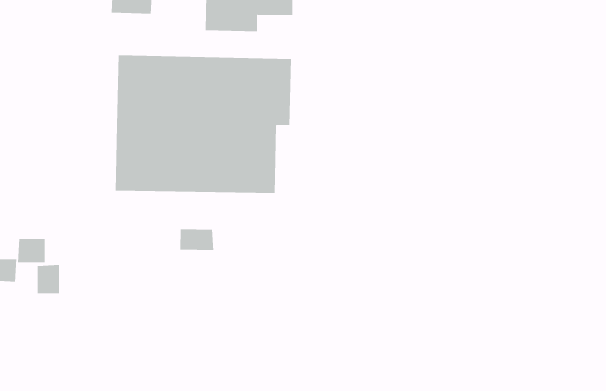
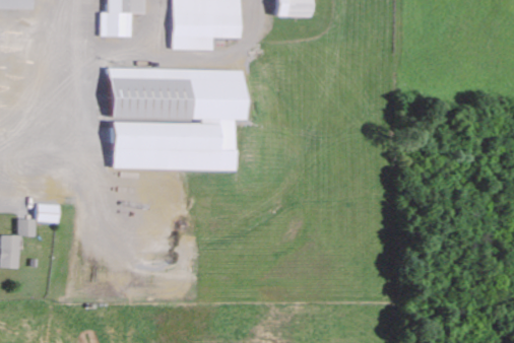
building: [180,228,214,251] -> none
building: [37,264,59,294] -> none

